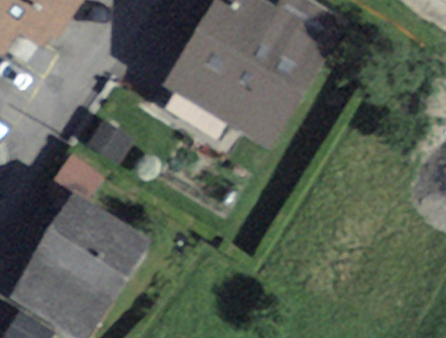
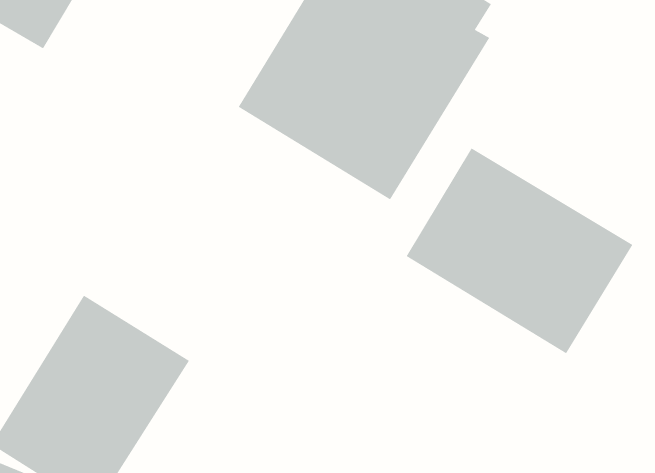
building: none -> [406,148,633,354]

